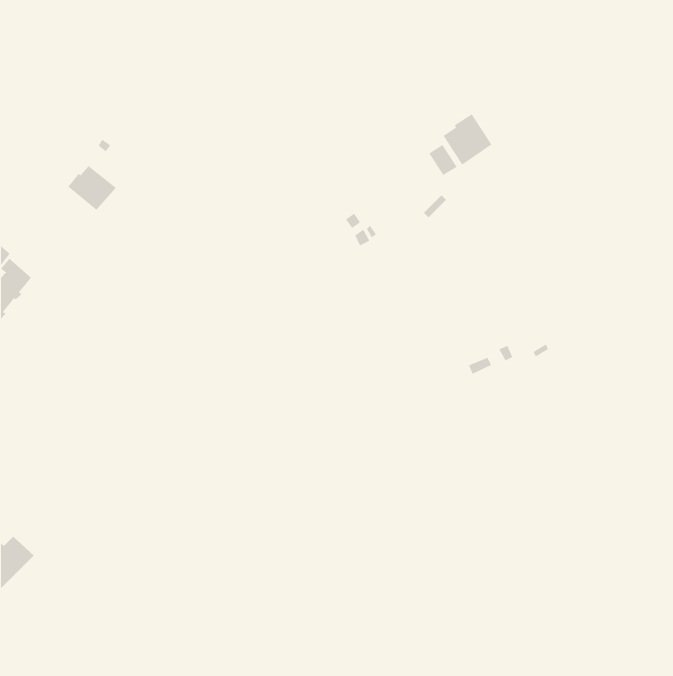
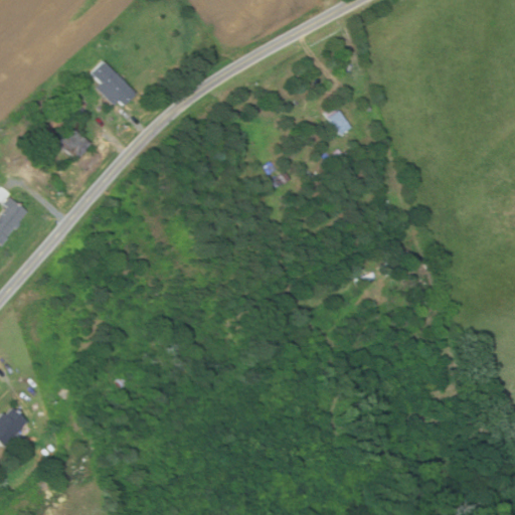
building: none -> [91,60,136,106]
building: [443,113,492,166] -> none

